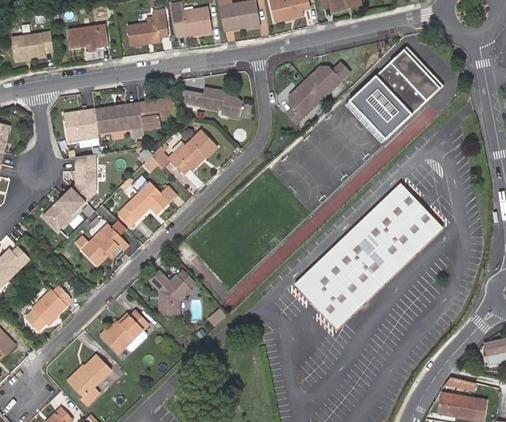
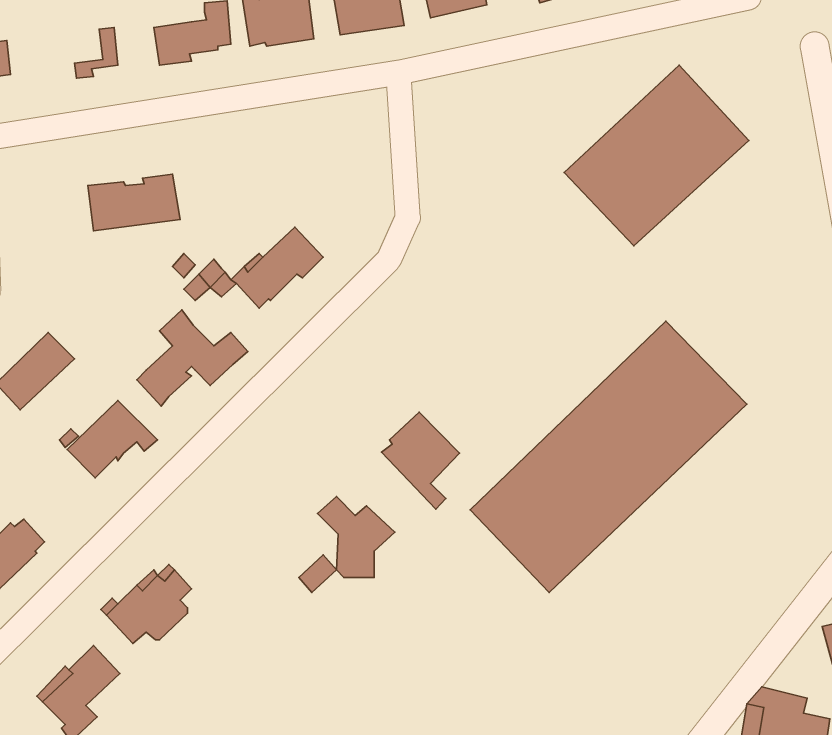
building: [67,27,101,48] -> none
building: [280,66,345,125] -> none
building: [182,90,242,119] -> none
building: [138,99,175,129] -> none
building: [62,110,97,142] -> none
building: [72,154,96,202] -> none
building: none -> [381,412,459,509]
building: [150,270,191,313] -> [318,497,395,578]

